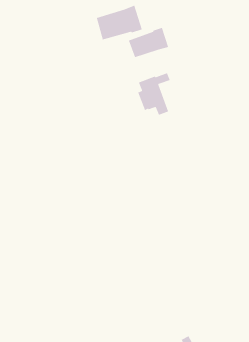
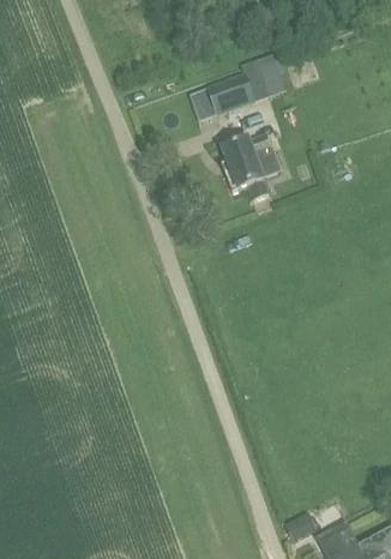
building: [96,5,143,40] -> none

